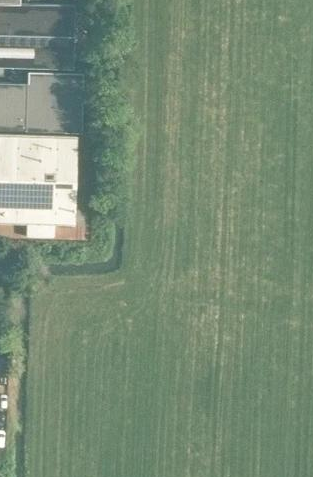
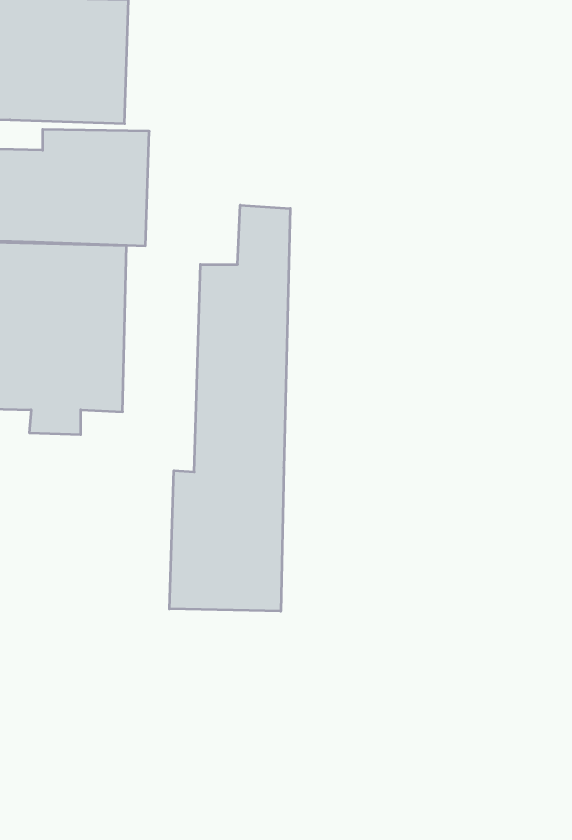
building: none -> [169,205,290,611]

